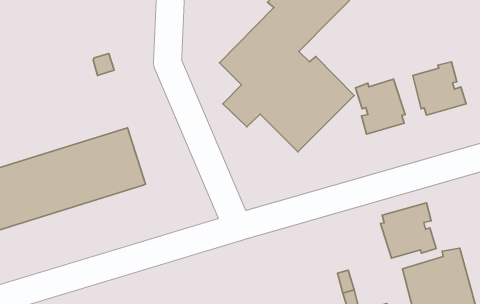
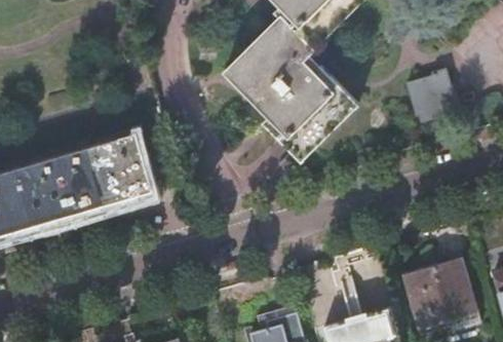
building: [355,79,405,134] -> none
building: [381,203,436,258] -> none

